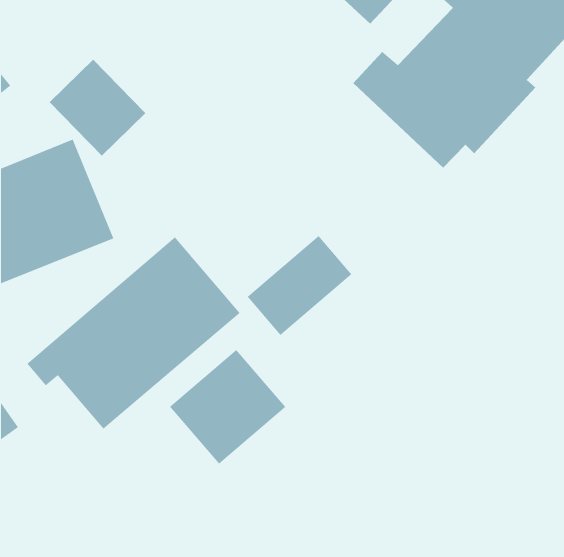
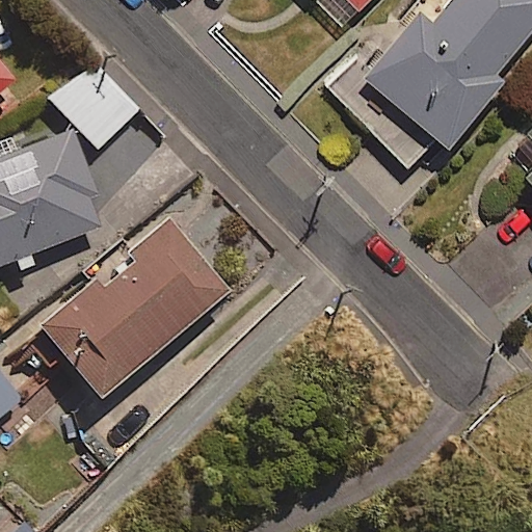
building: [247,235,352,336] -> none
building: [169,349,286,465] -> none

